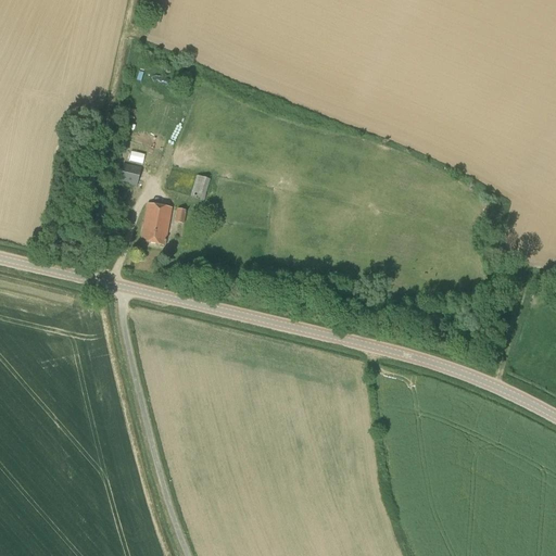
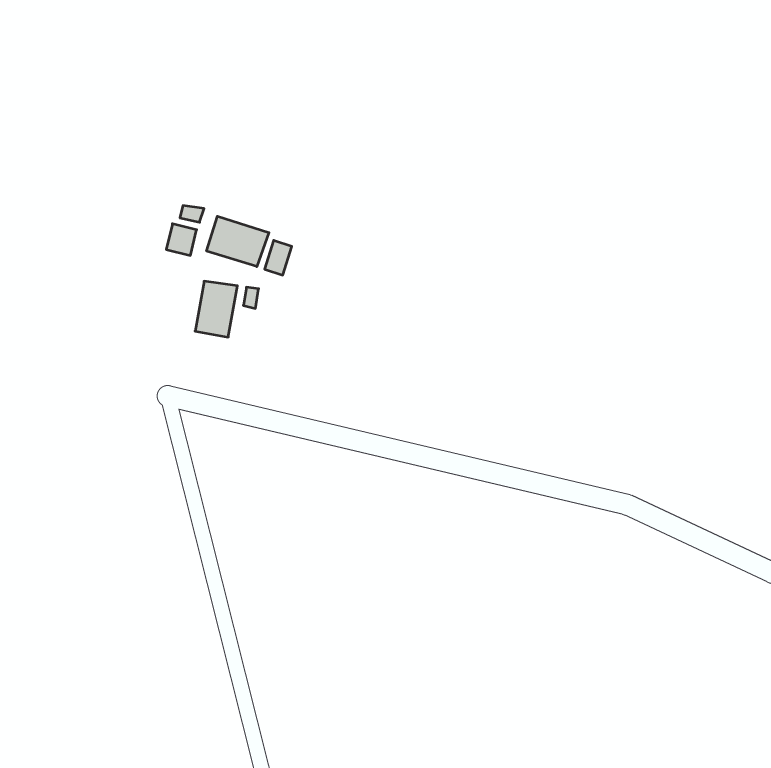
building: none -> [207,216,269,267]

